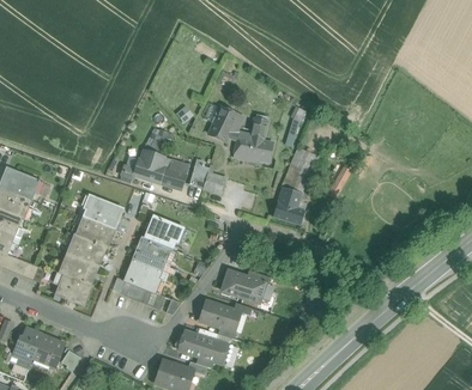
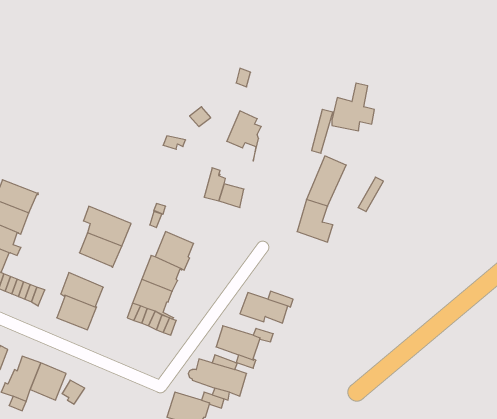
building: [234,118,272,162] -> [332,83,374,131]
building: [122,151,189,189] -> none
building: [67,234,105,266] -> none

